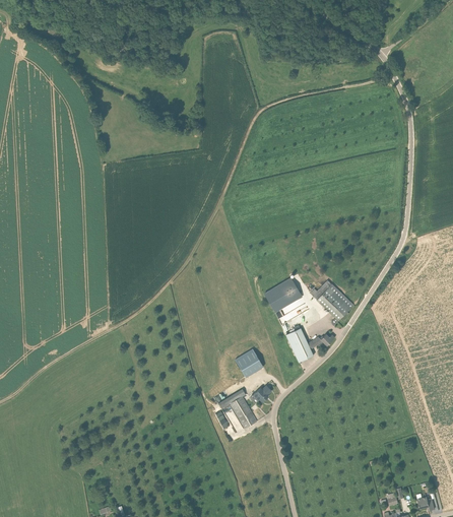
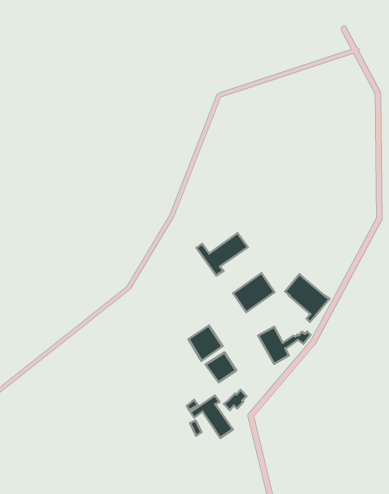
building: none -> [197,233,248,276]
building: none -> [188,326,222,361]

